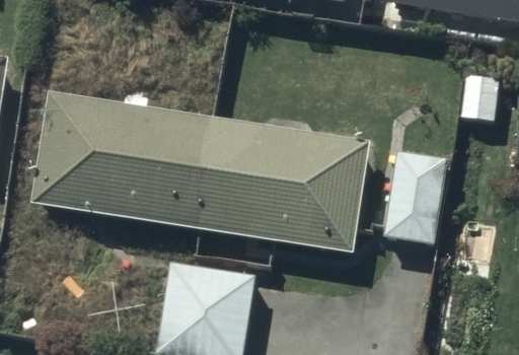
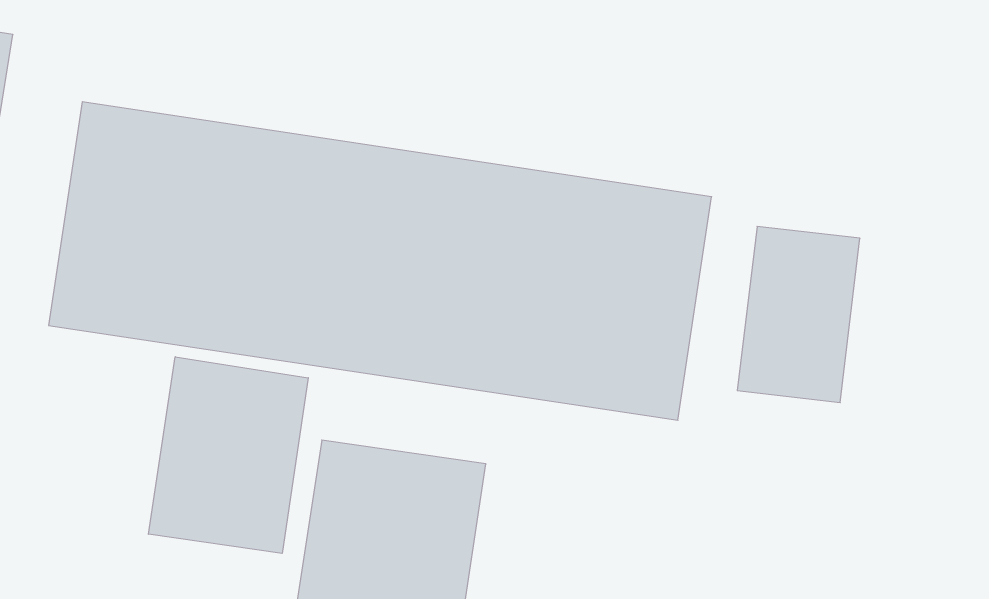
building: none -> [148,357,308,553]

